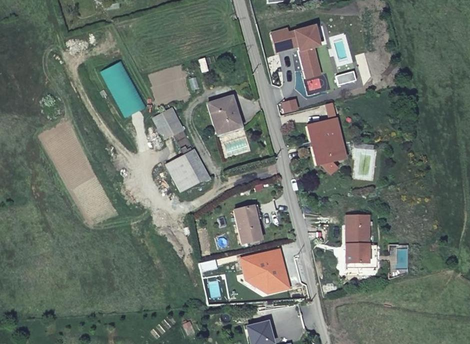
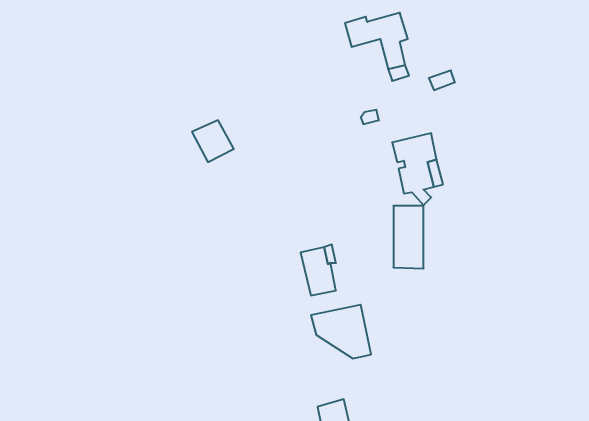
building: [209,97,241,132] -> none
building: [168,148,212,191] -> none
building: [346,215,369,263] -> [393,206,424,269]

